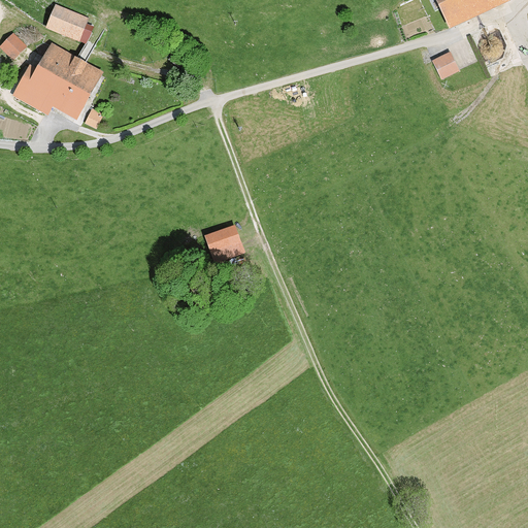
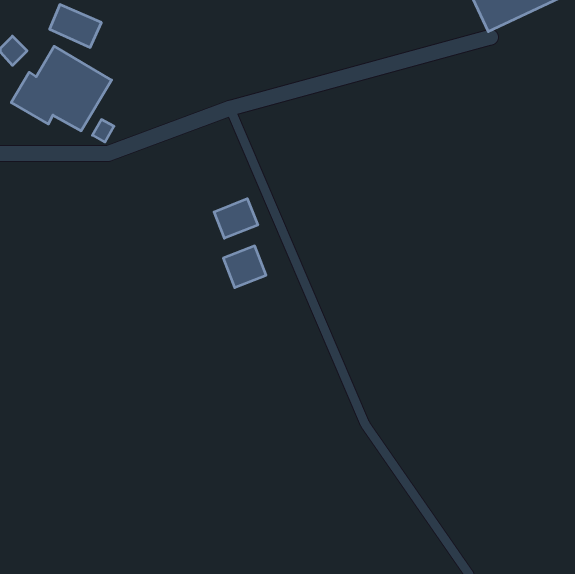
building: [431,51,459,79] -> none
building: none -> [214,199,258,238]

